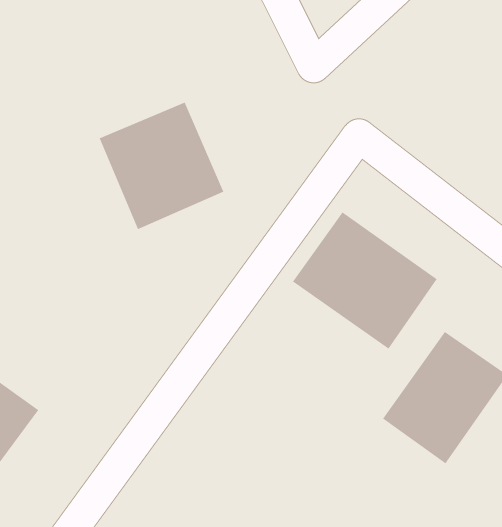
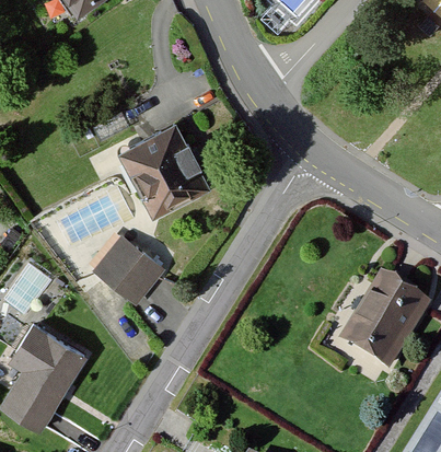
building: [292,211,437,350] -> none
building: none -> [93,234,166,305]

